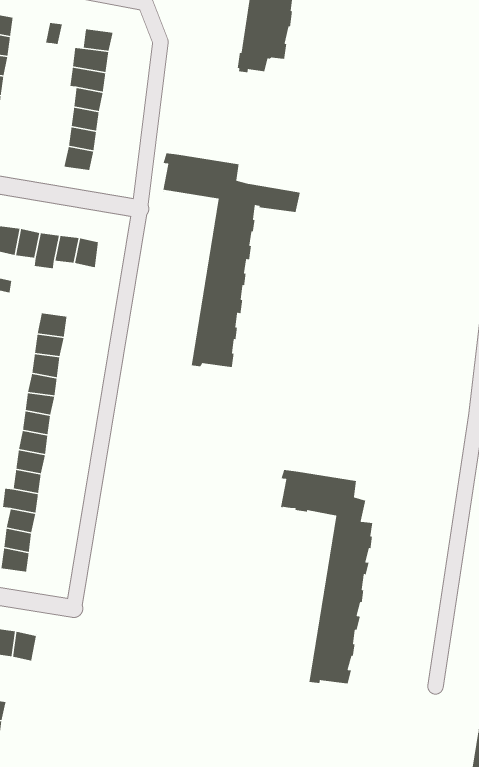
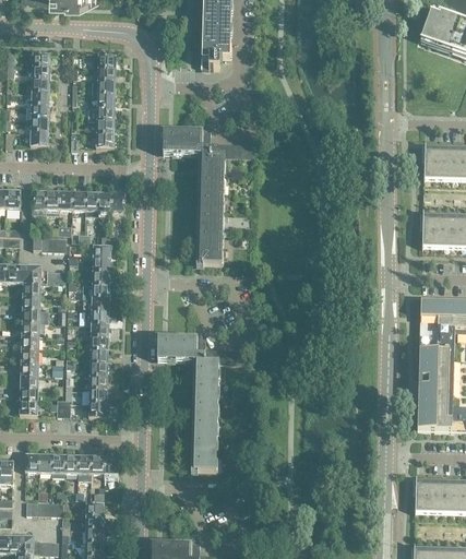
building: [280,469,373,684] -> [155,334,220,472]

